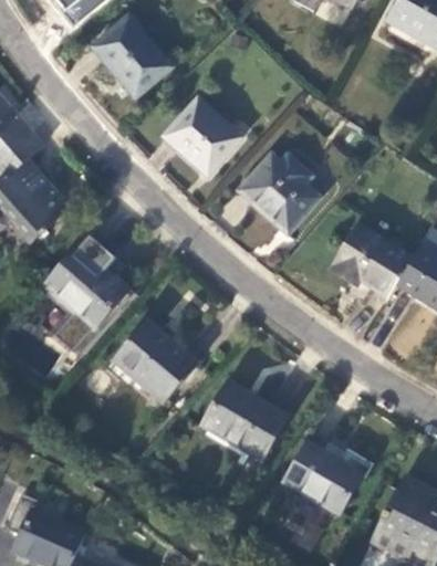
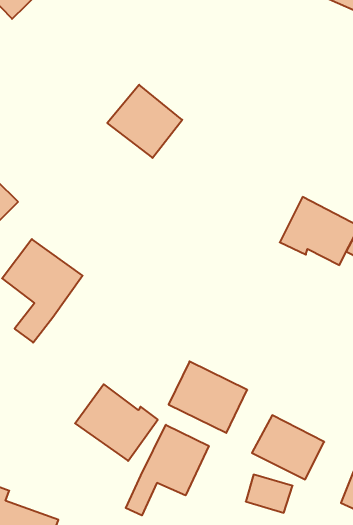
building: [92,18,168,97] -> none
building: [238,154,329,235] -> none
building: [112,324,196,403] -> [75,384,158,461]
building: none -> [126,425,209,515]

